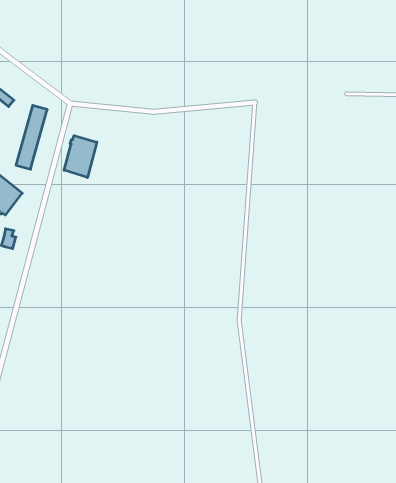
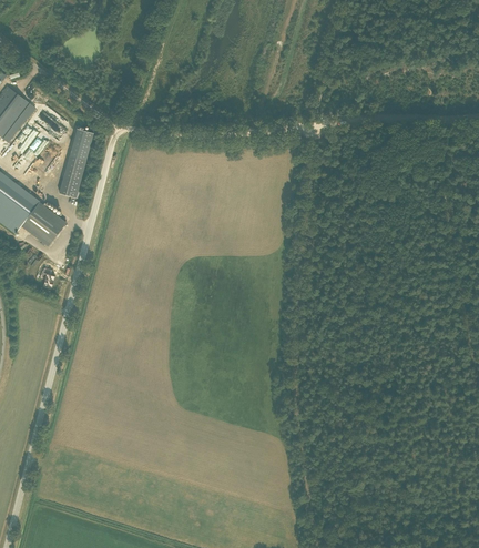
building: [64,136,97,178] -> none

